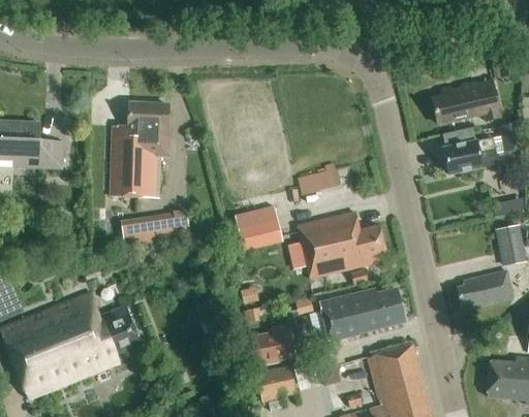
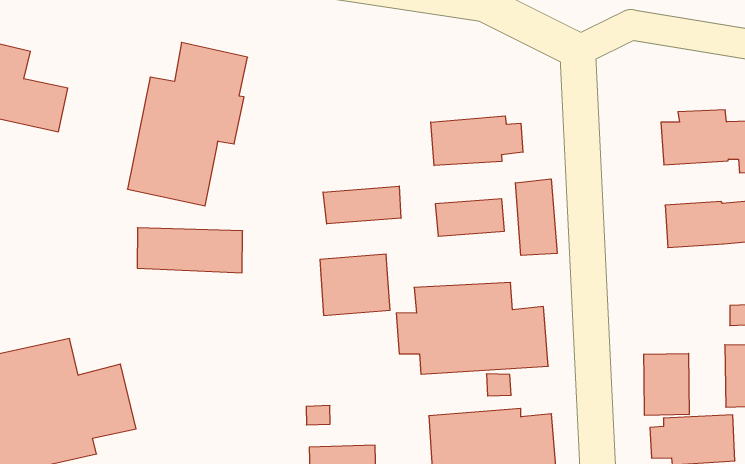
building: none -> [431,116,523,166]
building: none -> [515,179,557,255]
building: none -> [323,186,401,224]
building: none -> [644,353,689,415]

